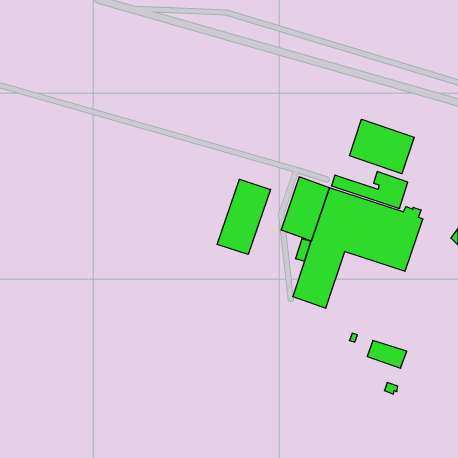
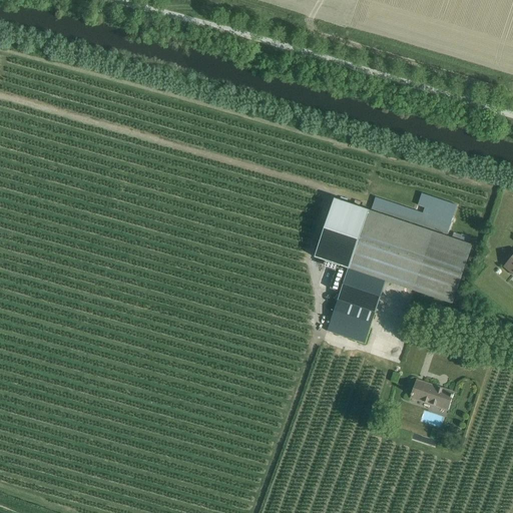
building: [349,119,414,174] -> none
building: [217,179,271,254] -> none

